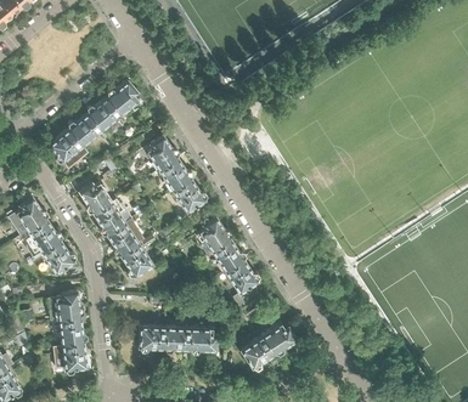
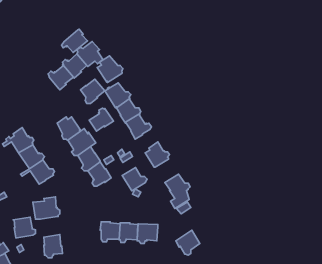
building: none -> [61,29,87,53]
building: none -> [97,56,123,82]
building: [49,130,81,163] -> [81,79,105,103]
building: none -> [89,108,113,131]
building: [212,240,246,272] -> [122,167,147,191]
building: [56,318,86,346] -> [13,217,36,238]
building: [261,324,295,356] -> none

